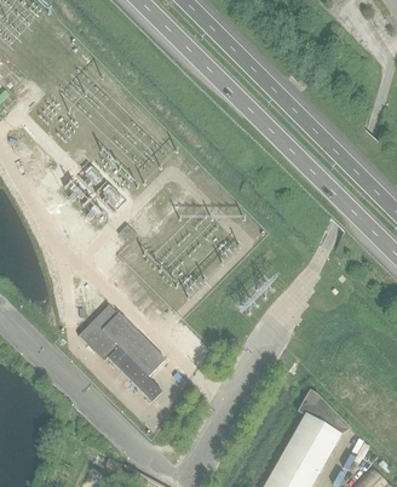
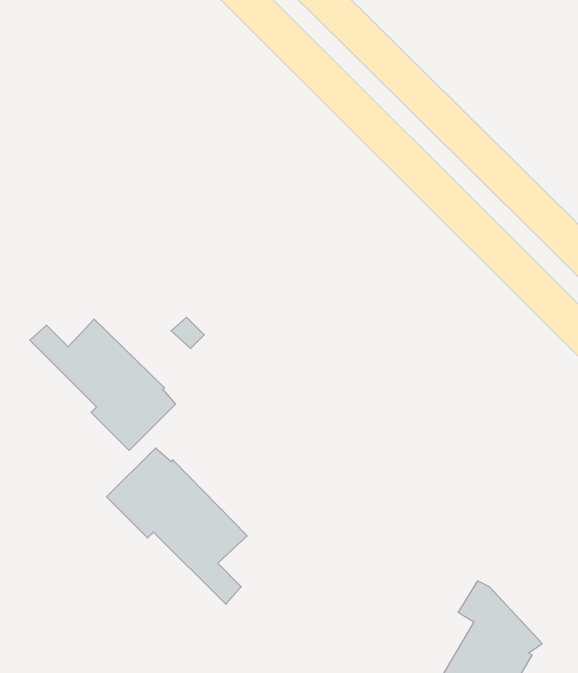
building: none -> [30,319,175,450]

